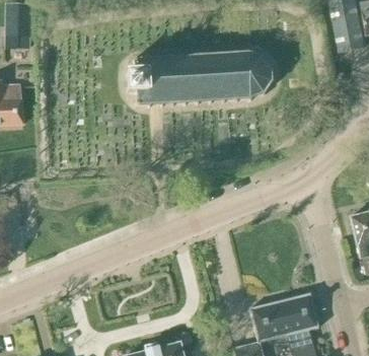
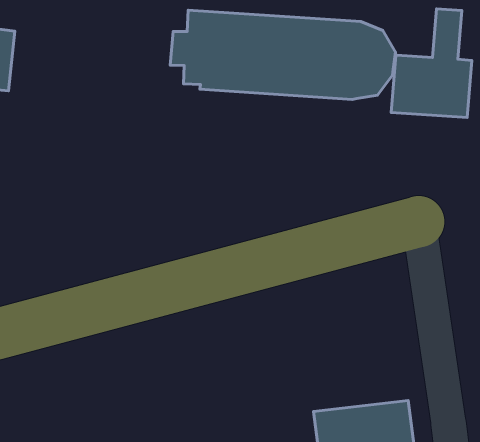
building: none -> [391,9,472,118]

